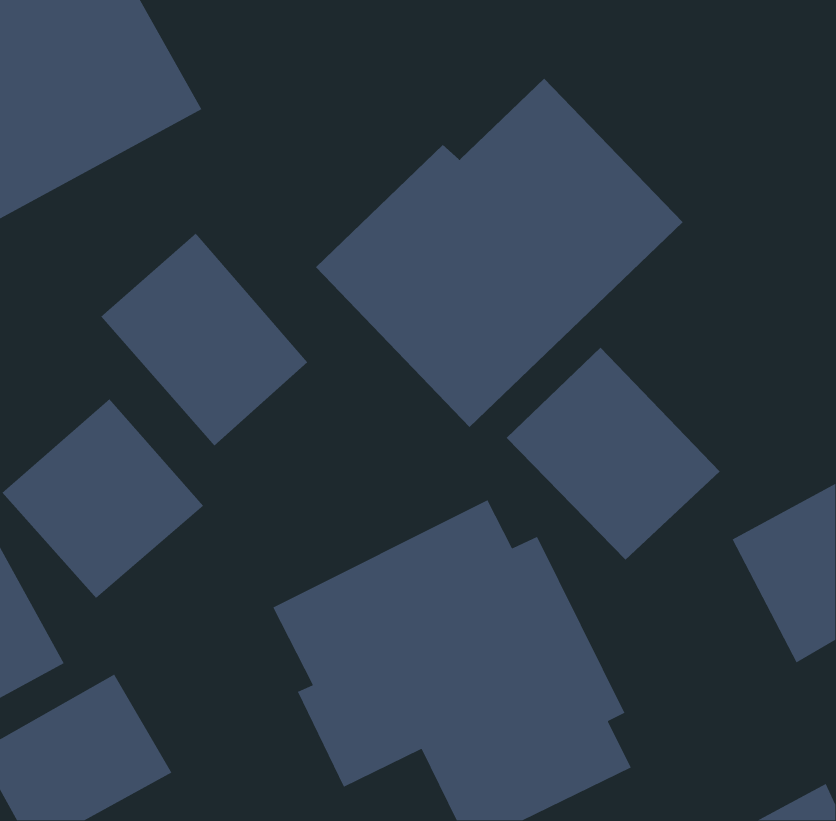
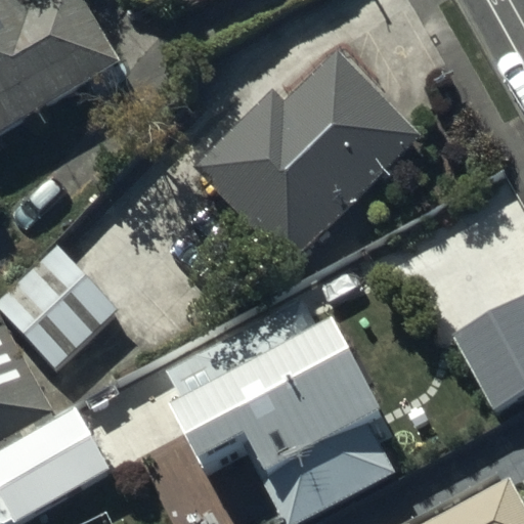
building: [100,233,308,446] -> none
building: [506,347,720,561] -> none

